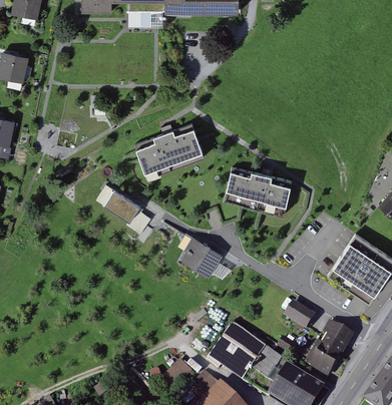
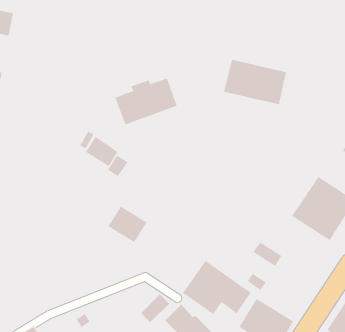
building: [222,166,291,216] -> [223,59,287,105]
building: [177,237,221,277] -> [108,206,147,243]
building: [307,321,356,377] -> none

